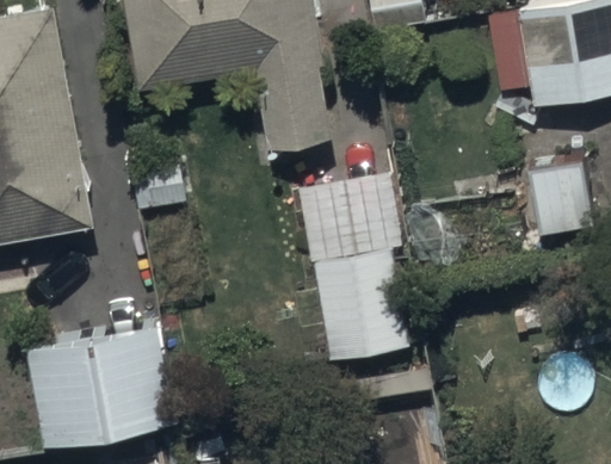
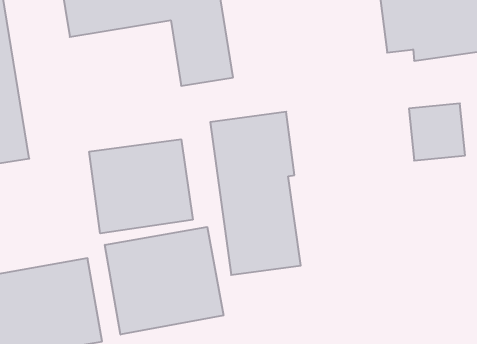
building: none -> [89,139,193,233]
building: none -> [105,227,223,335]

